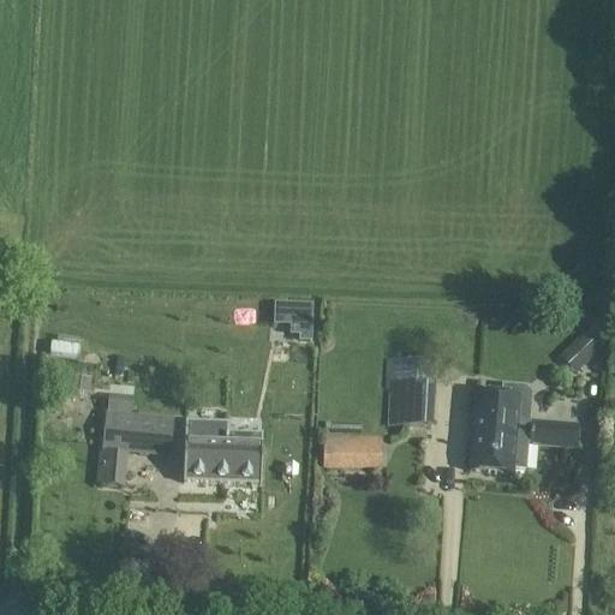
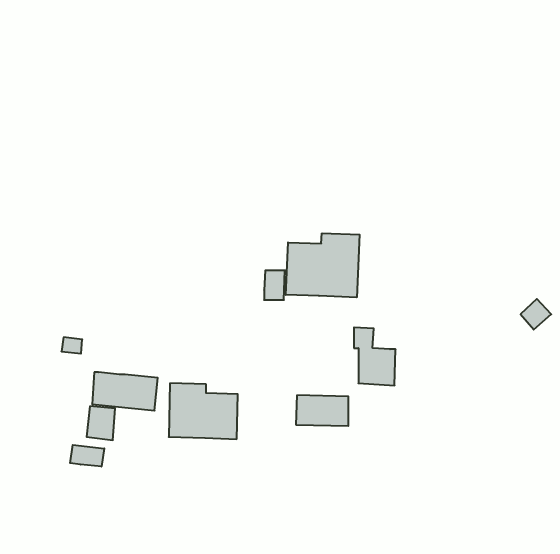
building: none -> [286,233,360,297]
building: [470,382,579,471] -> none
building: none -> [70,445,104,467]

